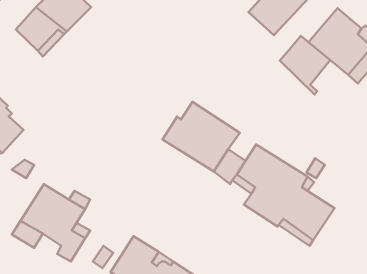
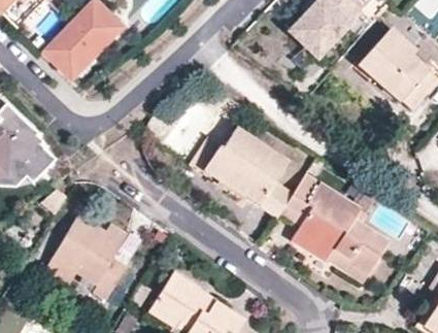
building: [280,36,330,95] -> none

